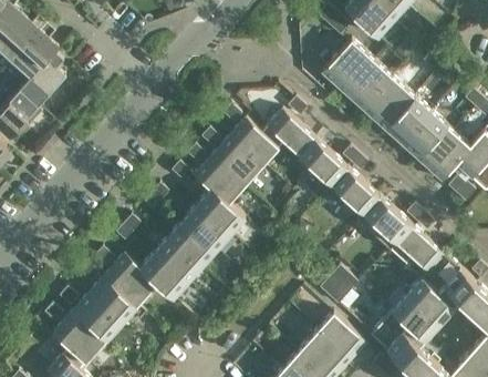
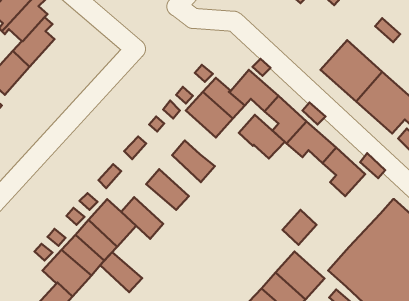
building: [321,41,391,110] -> none
building: [194,155,245,204] -> [239,115,285,159]
building: [181,205,228,251] -> none
building: [388,226,442,271] -> none
building: [154,237,200,282] -> [100,252,142,292]

